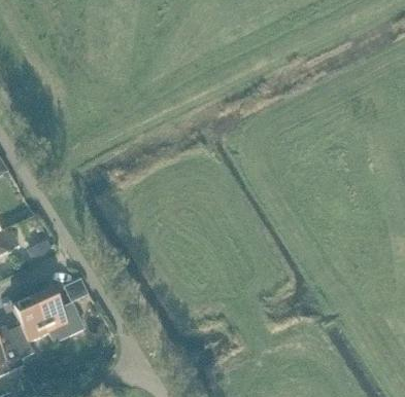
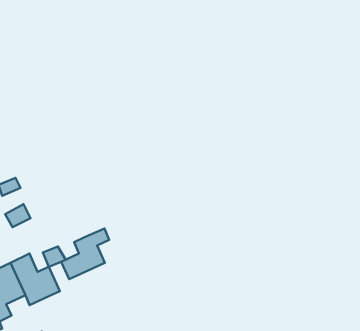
building: none -> [61,229,109,279]

